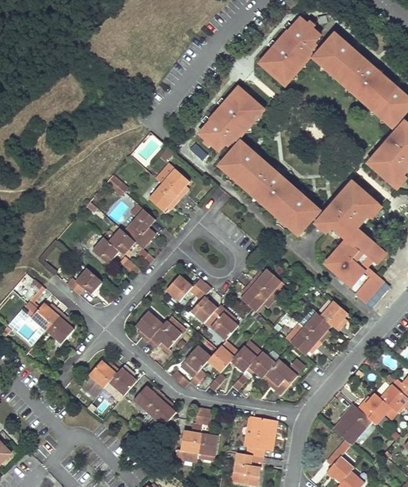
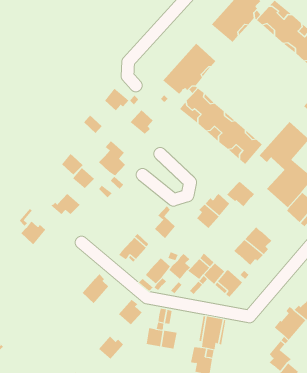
building: [149,183,179,211] -> [104,88,129,111]
building: [108,228,135,254] -> [61,153,84,175]
building: none -> [226,181,255,207]
building: [165,275,205,302] -> none
building: [320,300,348,331] -> none
building: [209,304,238,340] -> none
building: [46,312,73,342] -> none
building: [135,312,162,342] -> none
building: [71,360,119,391] -> none
building: [132,384,163,413] -> [98,335,124,360]

